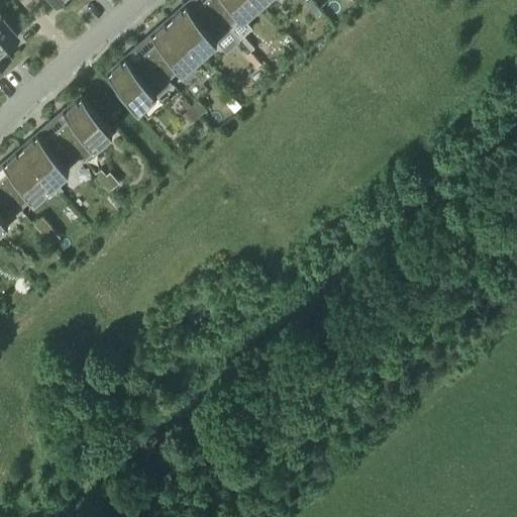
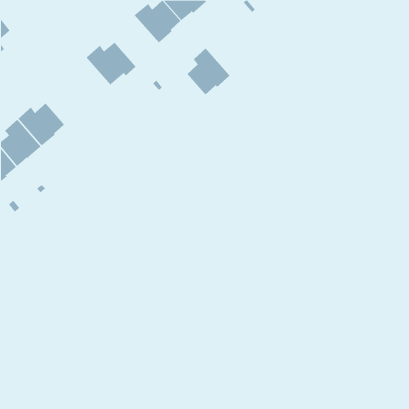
building: [145,20,201,85] -> [186,48,231,99]
building: [59,96,115,163] -> none

